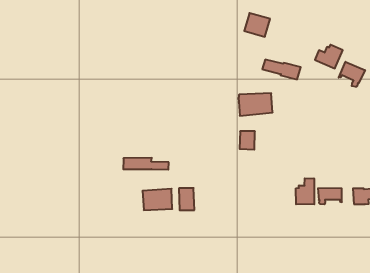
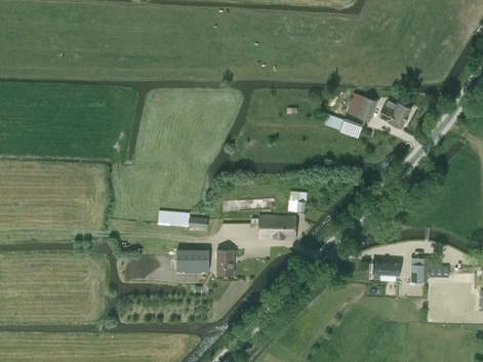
building: [244,13,270,37] -> [348,93,377,121]
building: [339,62,365,87] -> none
building: [238,93,273,116] -> [259,215,296,239]
building: [296,178,314,204] -> none

